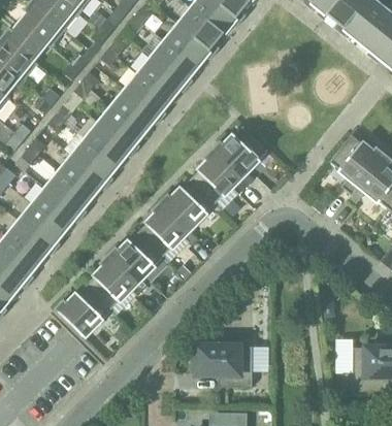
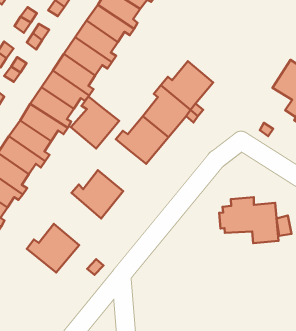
building: [137,200,189,256] -> [71,96,119,148]
building: [86,253,136,308] -> none
building: [193,337,253,386] -> [219,197,278,243]

